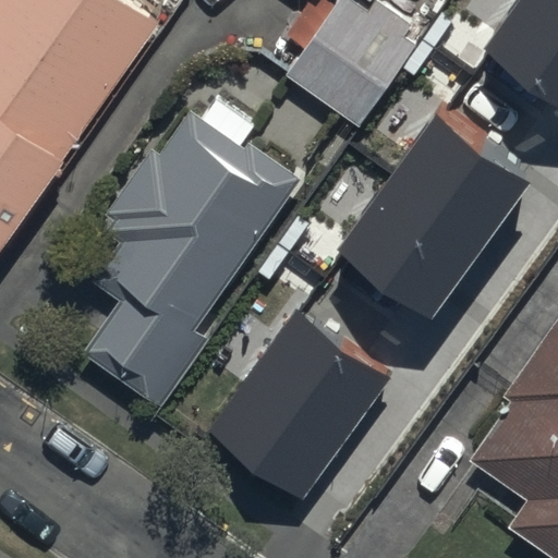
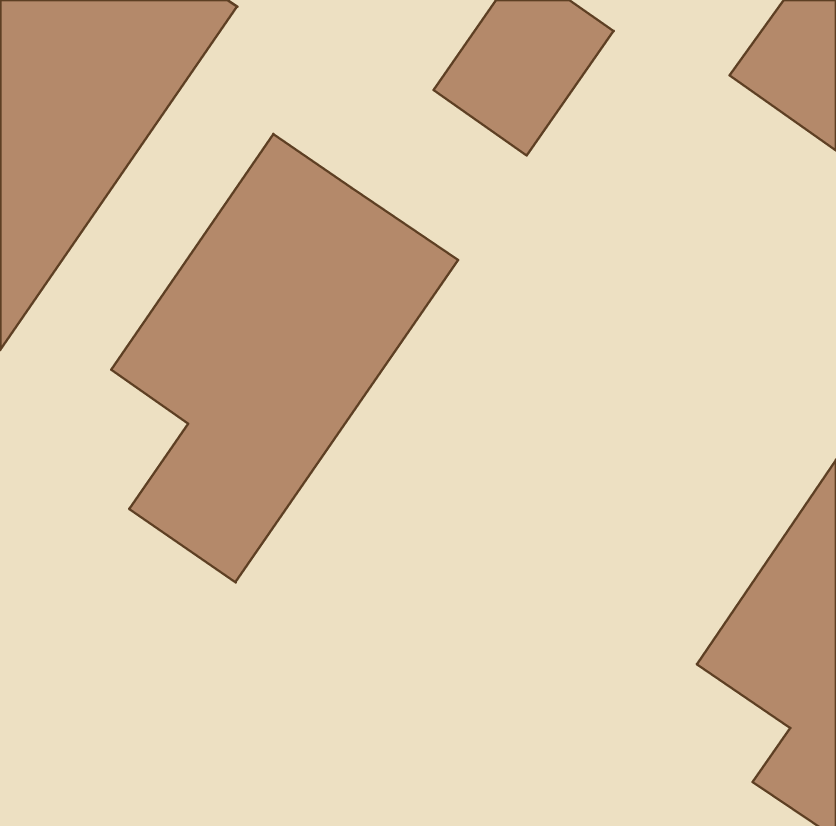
building: [338,113,539,328] -> none
building: [211,318,392,506] -> none

